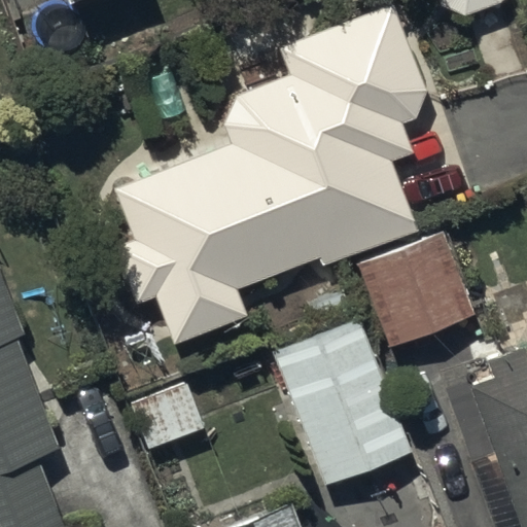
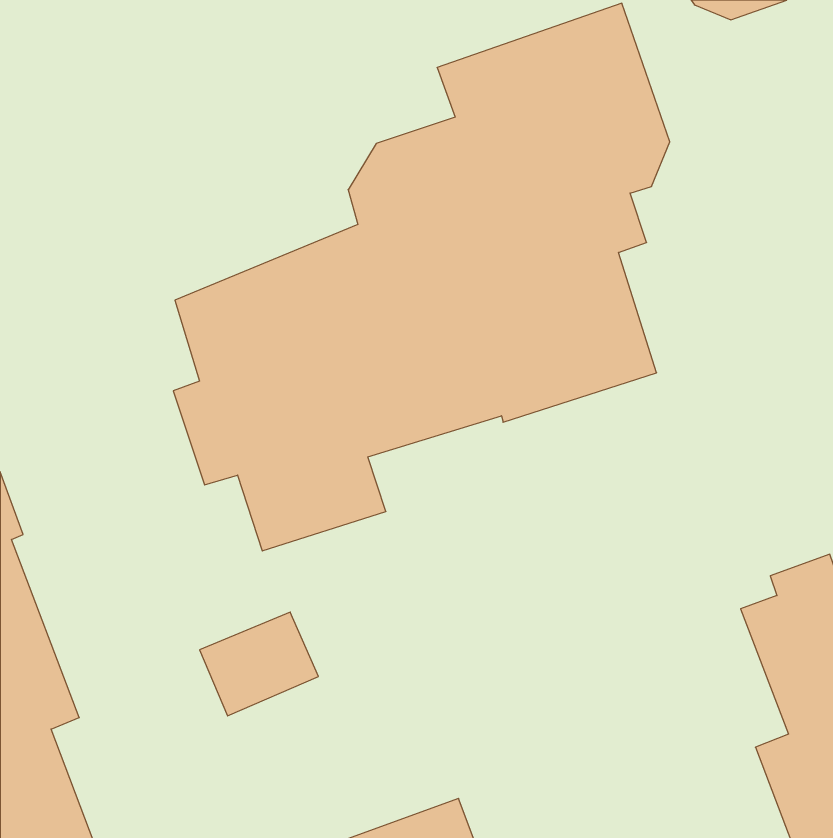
building: [355,233,469,347] -> none
building: [270,314,414,487] -> none

